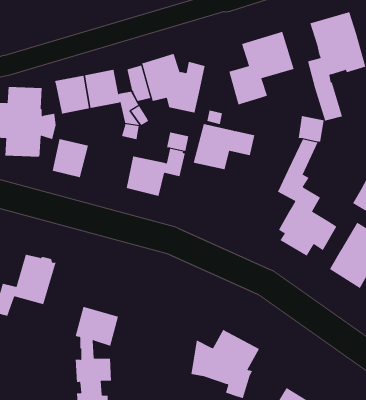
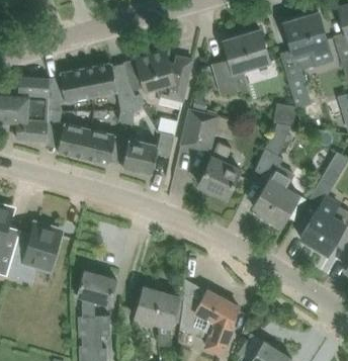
building: none -> [84,130,116,165]
building: none -> [198,144,240,199]
building: none -> [135,287,184,347]

